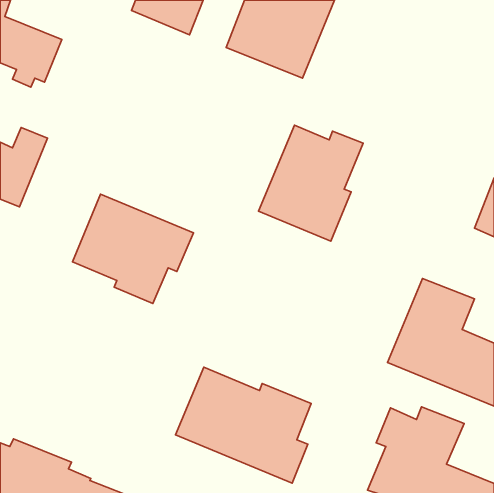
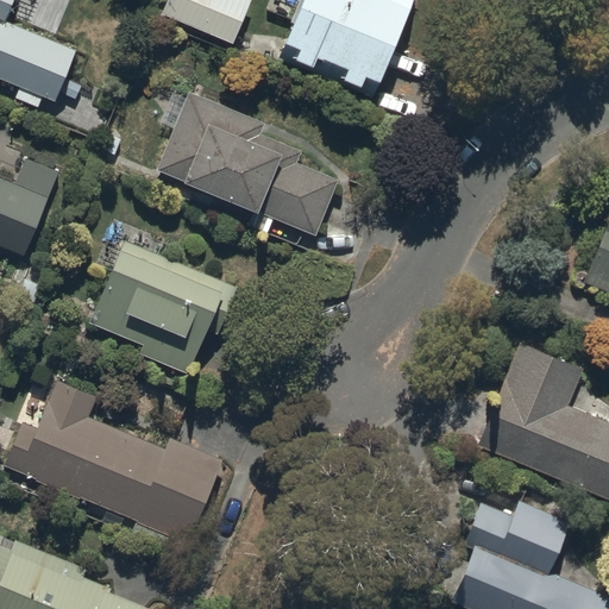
building: none -> [156,92,339,237]
building: [258,125,363,241] -> none
building: none -> [5,381,222,544]
building: [175,367,311,483] -> none

